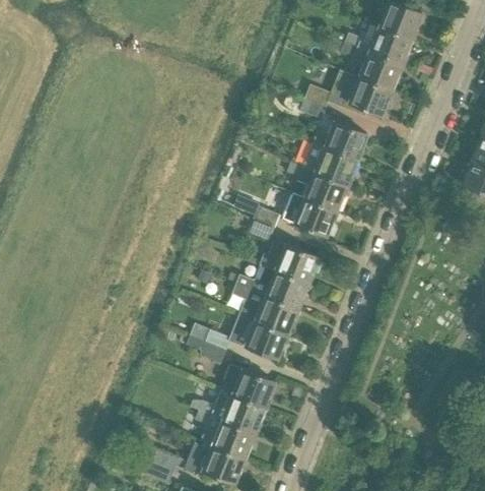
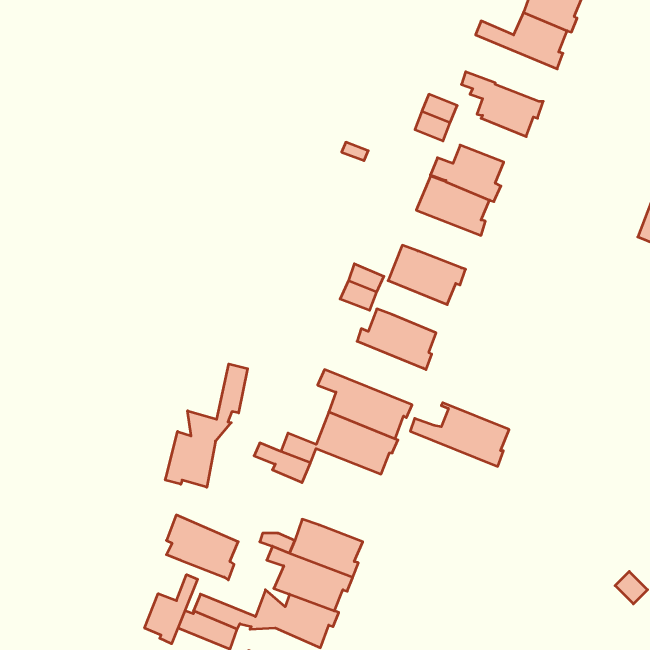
building: [341,43,404,90] -> none
building: [287,164,349,210] -> none
building: [236,263,307,309] -> [410,403,509,466]
building: none -> [165,364,248,487]
building: [222,363,274,410] -> [166,515,238,580]
building: none -> [145,575,198,644]

